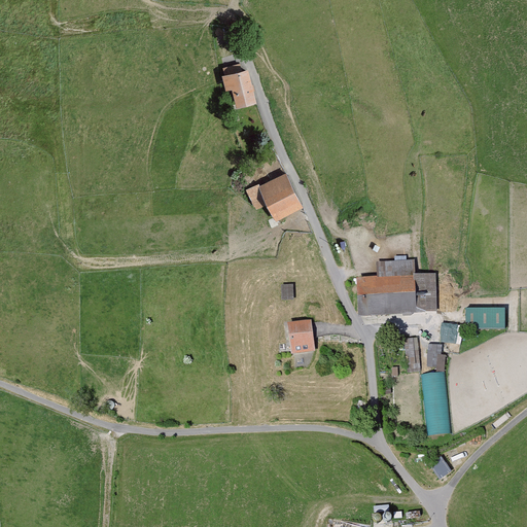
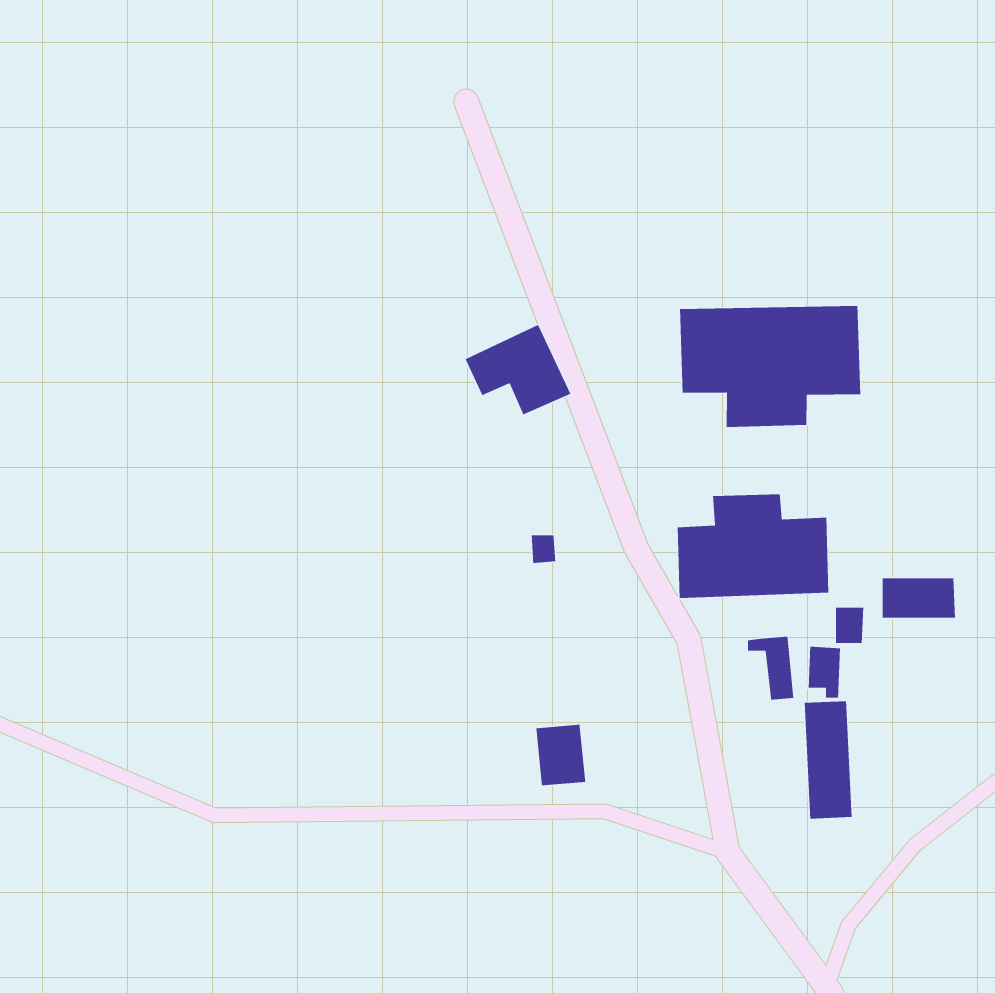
building: [222,67,255,105] -> none
building: none -> [679,305,861,428]
building: [287,321,314,354] -> [535,724,586,786]

